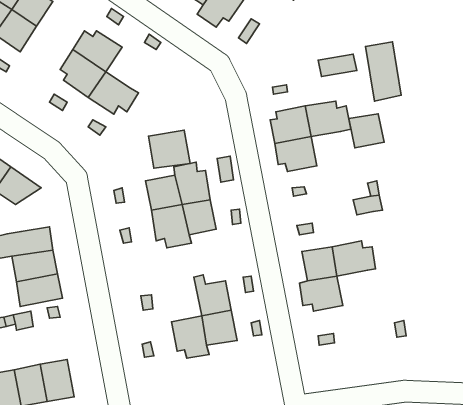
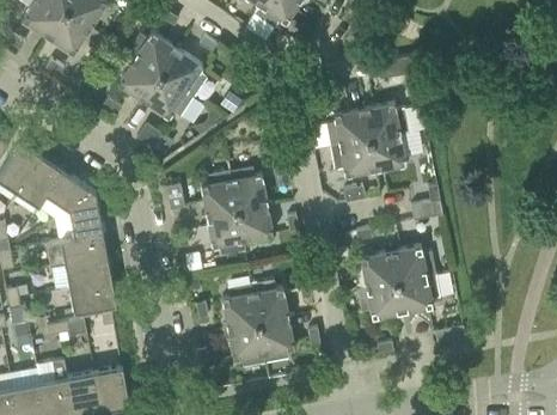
building: [365,42,401,101] -> none
building: none -> [160,49,207,91]
building: [349,114,384,148] -> [369,135,405,170]
building: [148,130,190,168] -> none
building: none -> [68,193,103,237]
building: none -> [396,276,431,312]
building: none -> [222,283,258,329]

